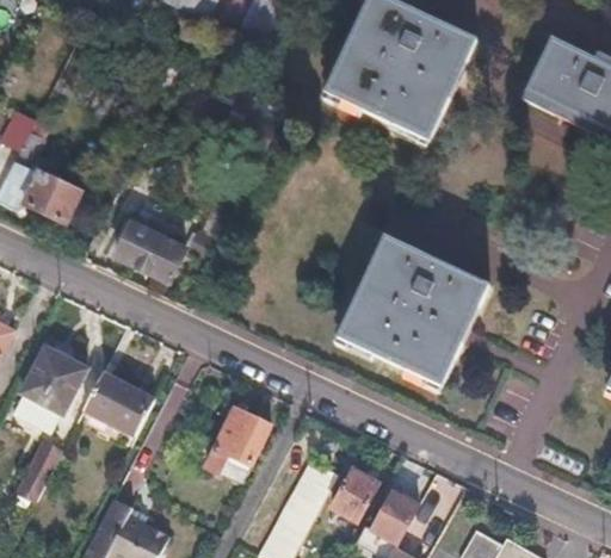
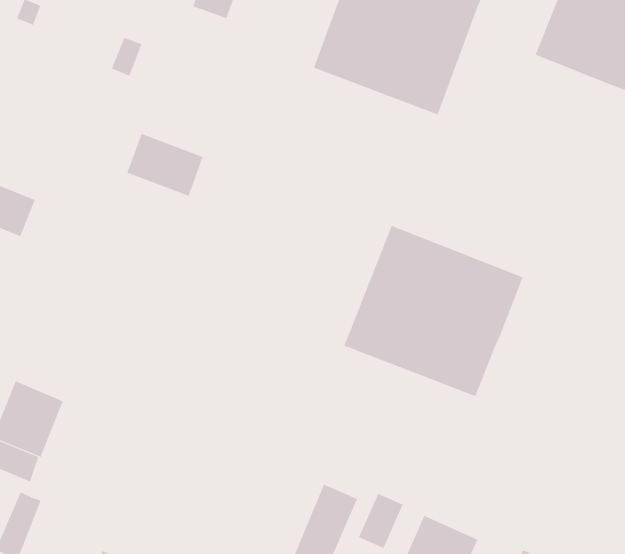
building: [113,221,181,279] -> [127,133,204,197]
building: [85,371,153,429] -> none
building: [205,405,271,483] -> none

